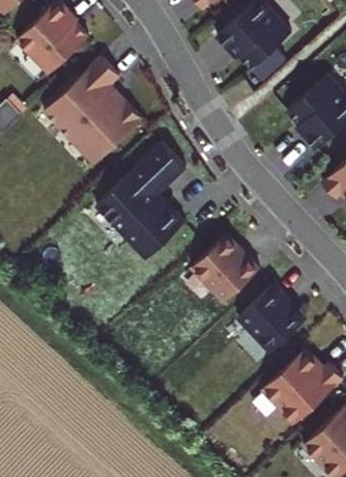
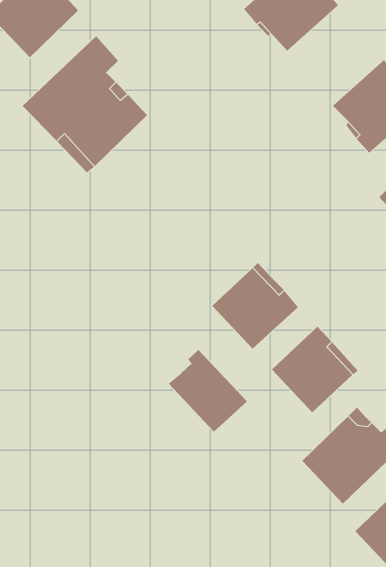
building: [96,142,185,258] -> none
building: none -> [168,349,248,433]

